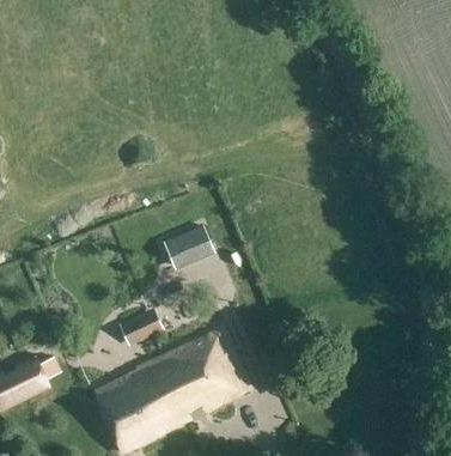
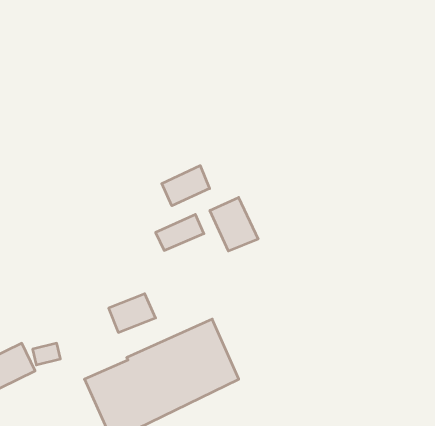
building: none -> [162,166,210,206]
building: none -> [210,197,258,251]

